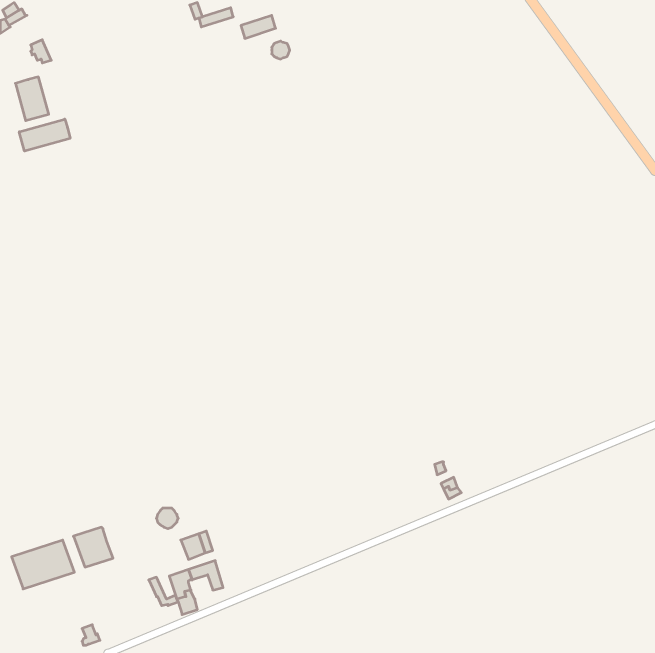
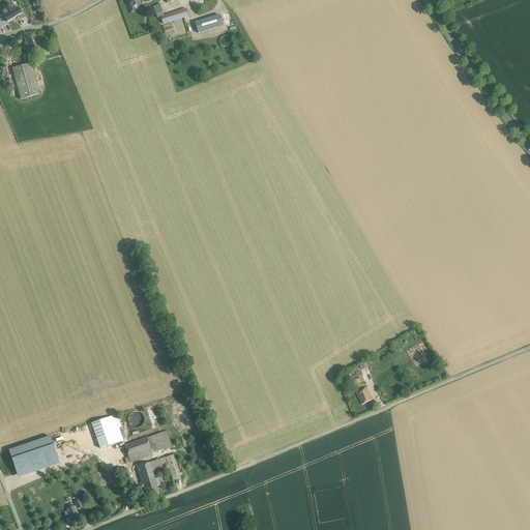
building: [19,119,70,151] -> none
building: [73,527,113,567] -> [91,414,123,446]
building: none -> [124,436,152,461]

